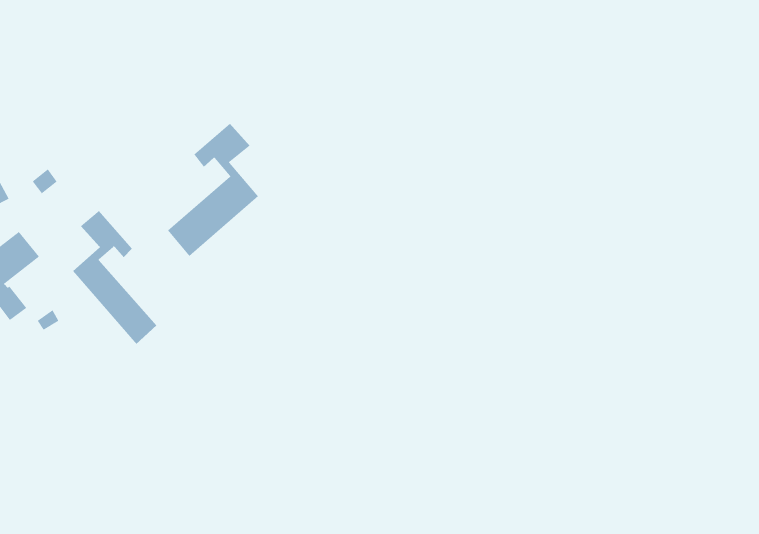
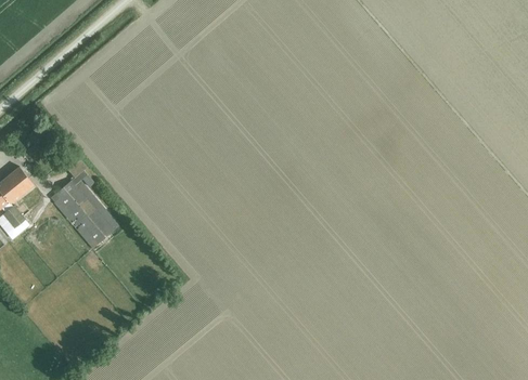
building: [167,123,259,257] -> none

